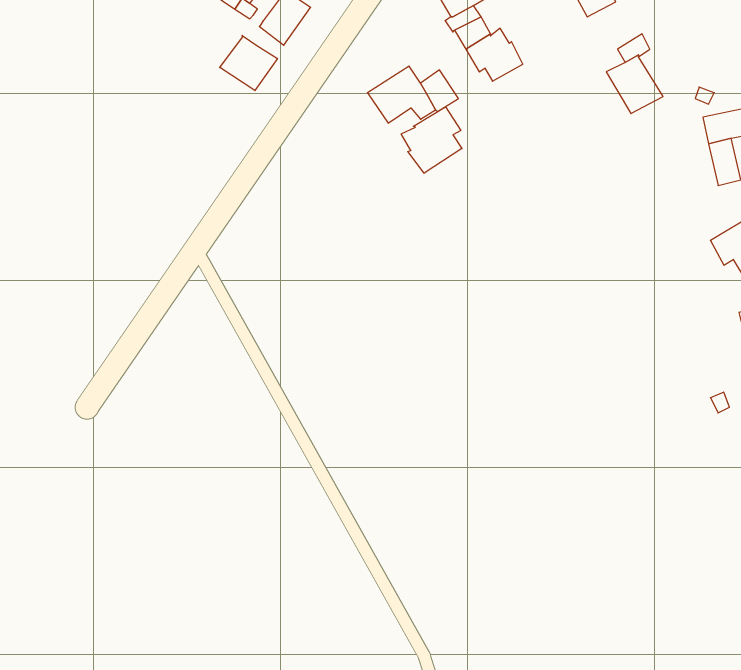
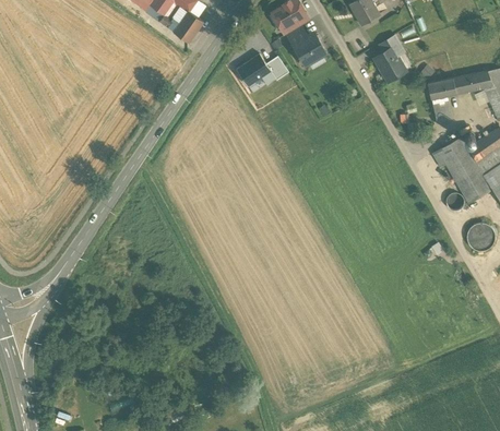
building: [220,35,277,91] -> none
building: [401,107,462,173] -> none

